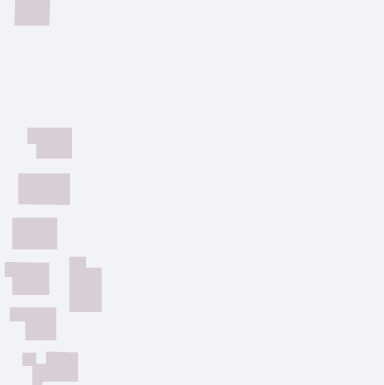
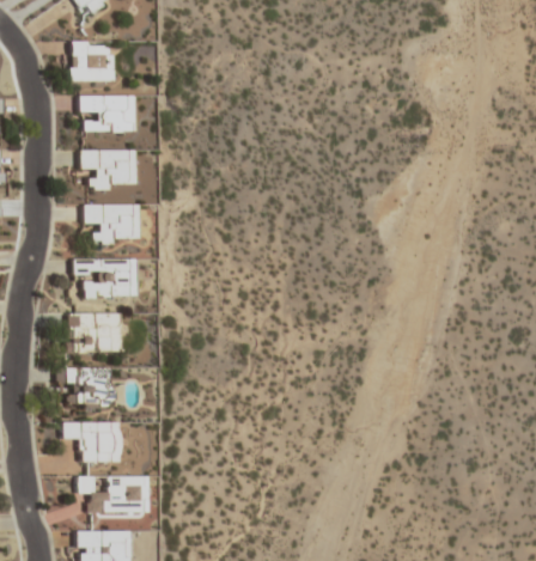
building: none -> [78,94,135,133]
building: none -> [78,148,134,189]
building: [68,256,102,313] -> none

